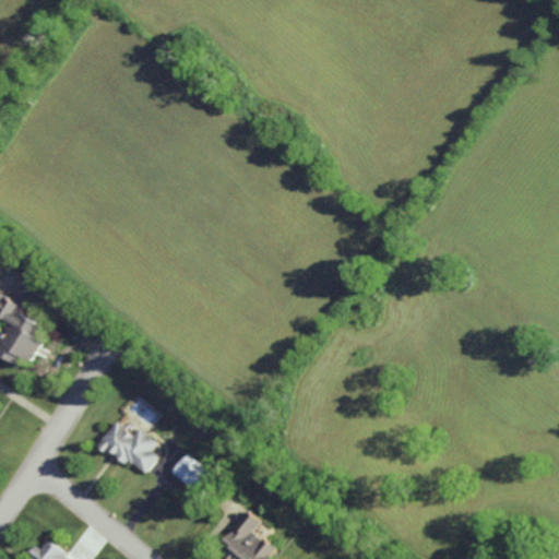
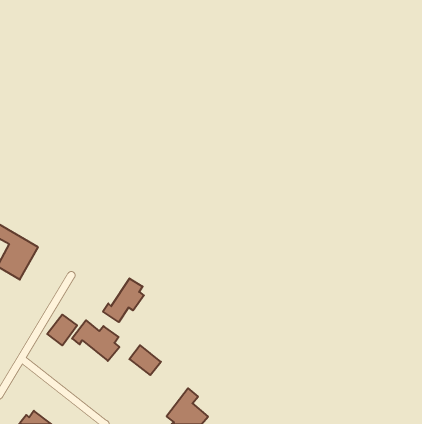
building: none -> [103,278,144,322]
building: none -> [47,315,77,345]

